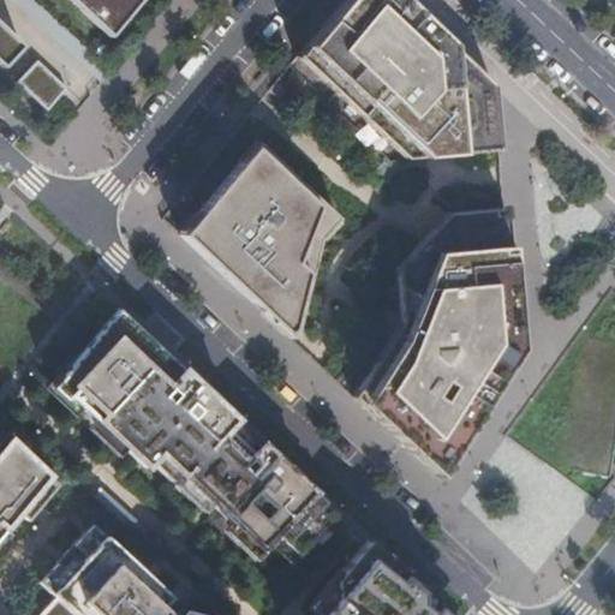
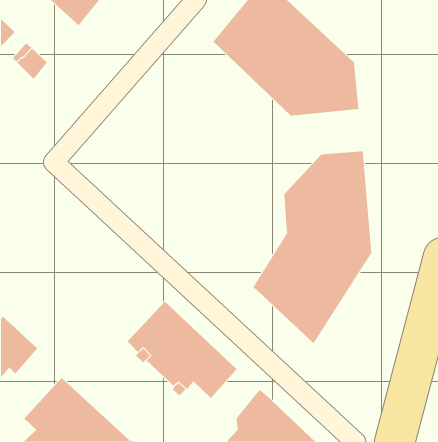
building: [185,144,344,339] -> none
building: [54,308,235,473] -> none

